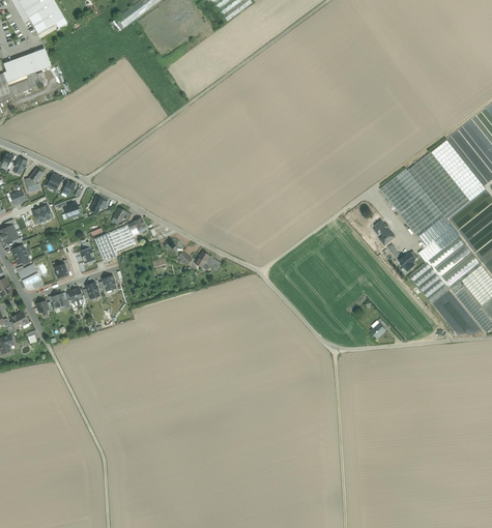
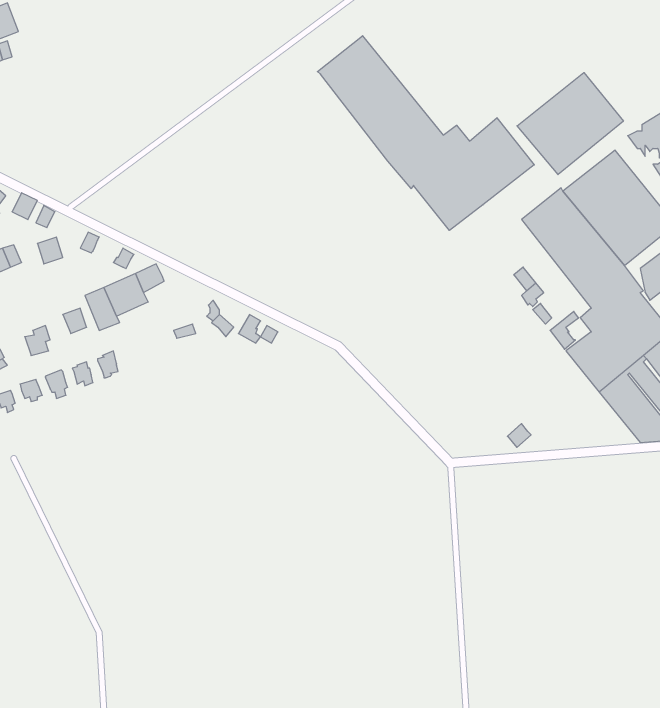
building: none -> [317,36,534,230]
building: none -> [517,73,623,175]

